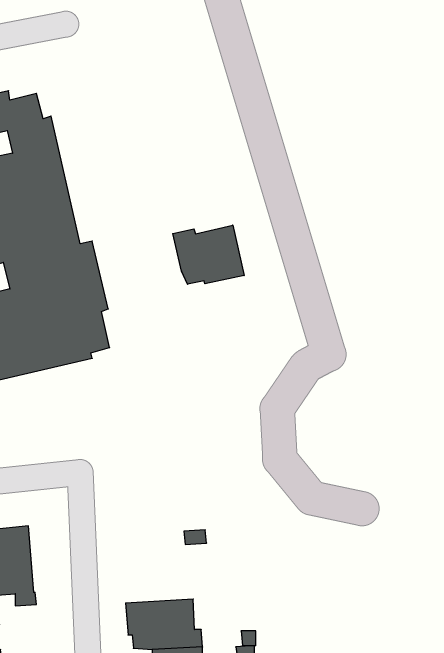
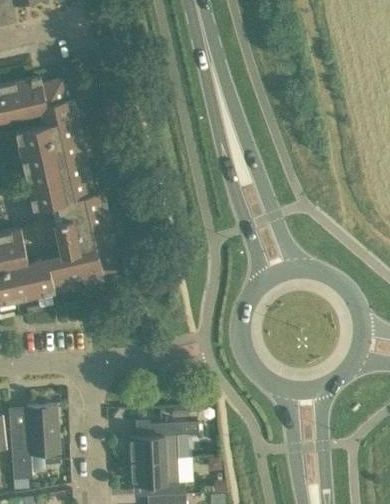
building: [173,225,244,284] -> none
building: none -> [127,423,198,463]

